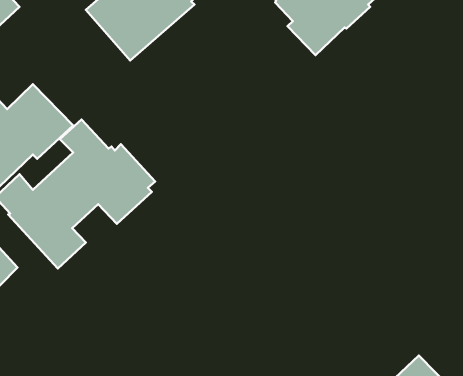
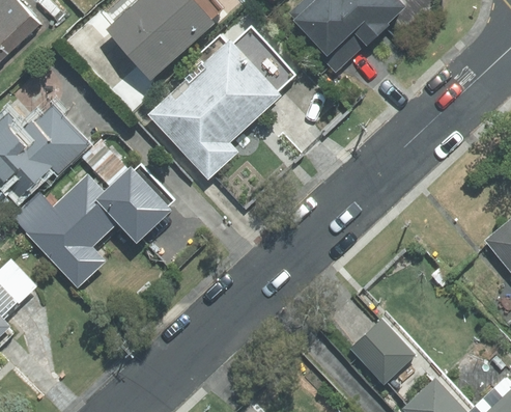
building: none -> [150,26,294,177]
building: none -> [349,320,415,385]

